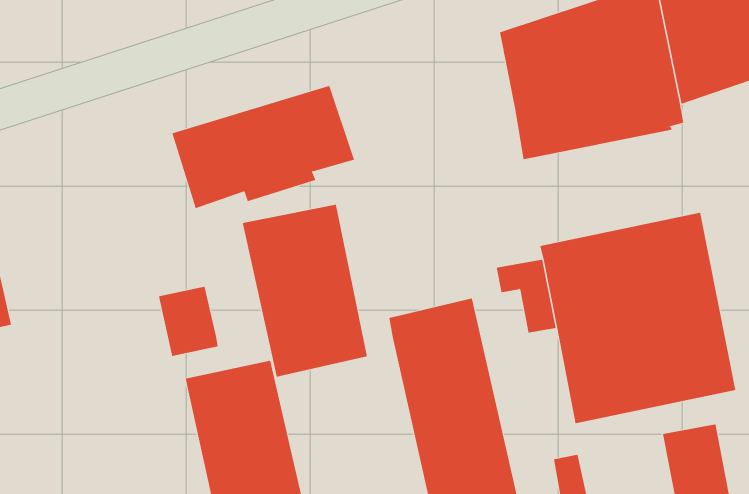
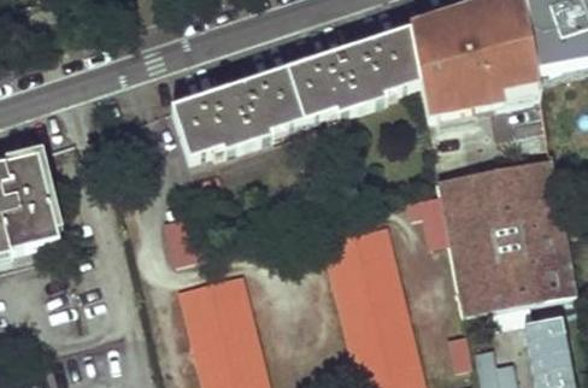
building: none -> [283,30,416,122]
building: [242,204,368,377] -> none

